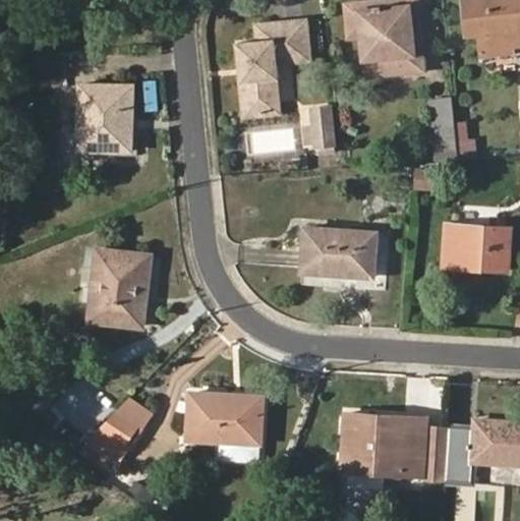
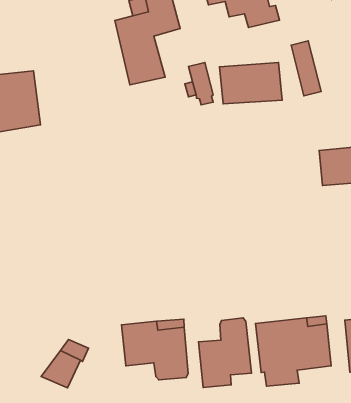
building: [305,228,375,277] -> [220,63,282,104]
building: [89,249,153,328] -> none
building: none -> [198,318,251,388]

